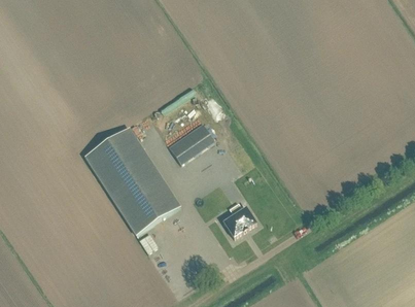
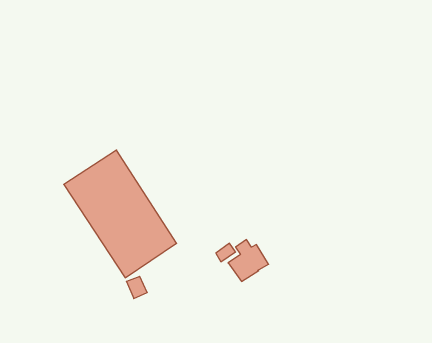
building: [168,123,214,164] -> none

